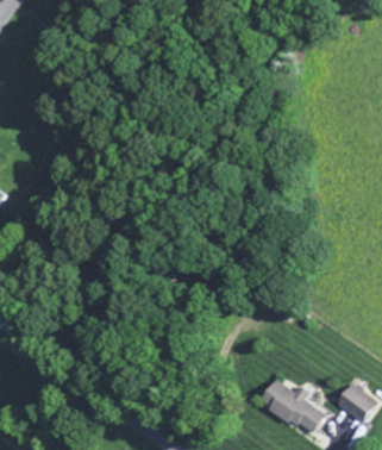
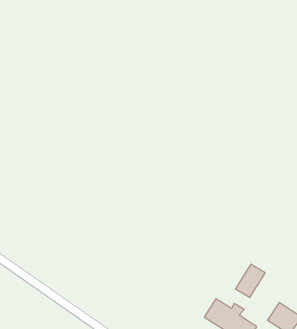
building: none -> [235,264,265,298]

